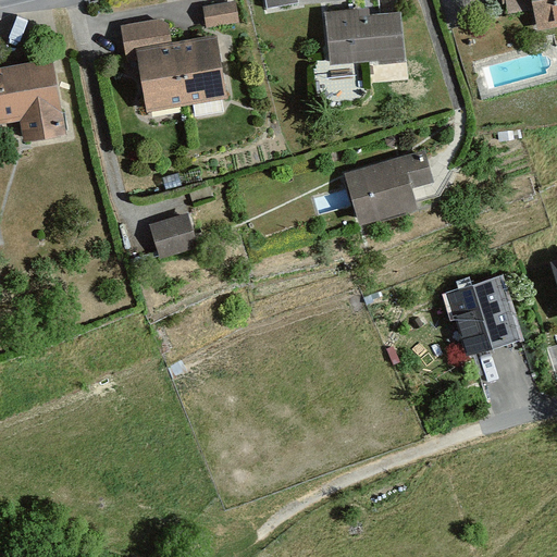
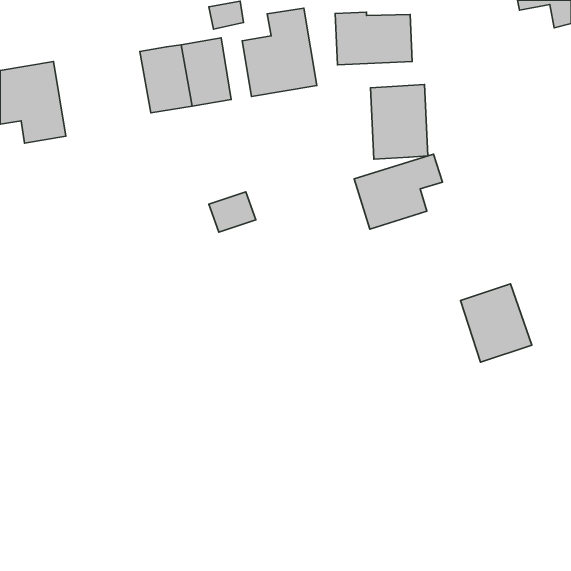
building: none -> [242,8,317,97]
building: [121,20,162,52] -> none
building: none -> [371,84,428,159]
building: [151,218,197,257] -> [209,192,256,232]

